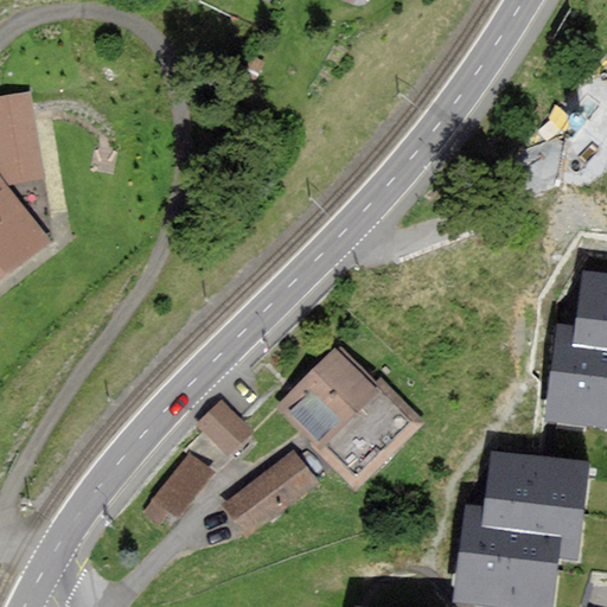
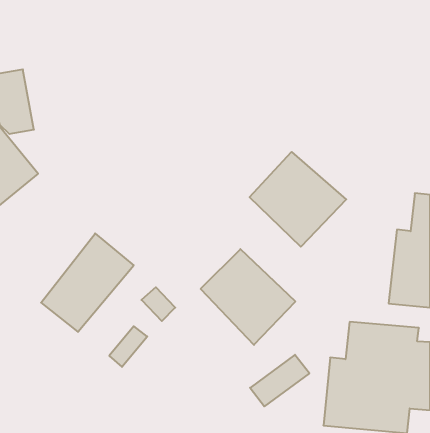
building: none -> [250,152,346,247]
building: none -> [41,233,134,332]
building: [226,455,309,528] -> [250,355,309,406]

